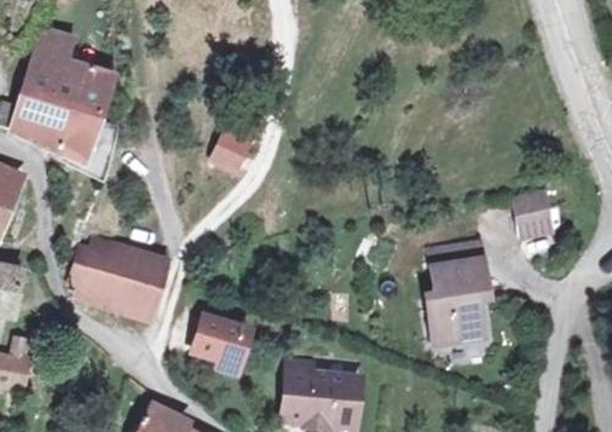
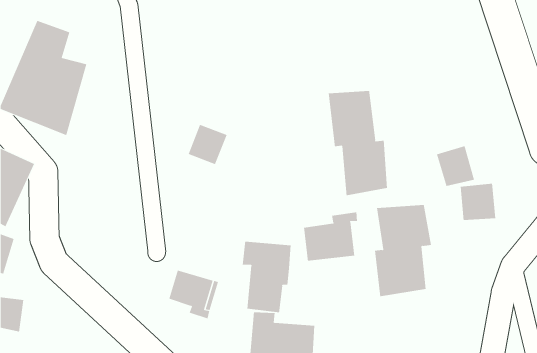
building: none -> [328,90,387,196]
building: [60,240,164,319] -> none
building: none -> [304,211,358,262]
building: none -> [242,241,291,313]

